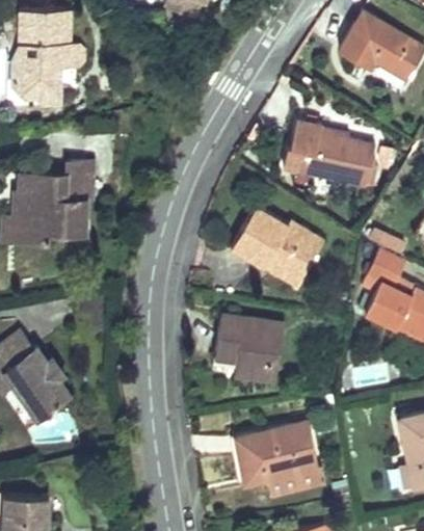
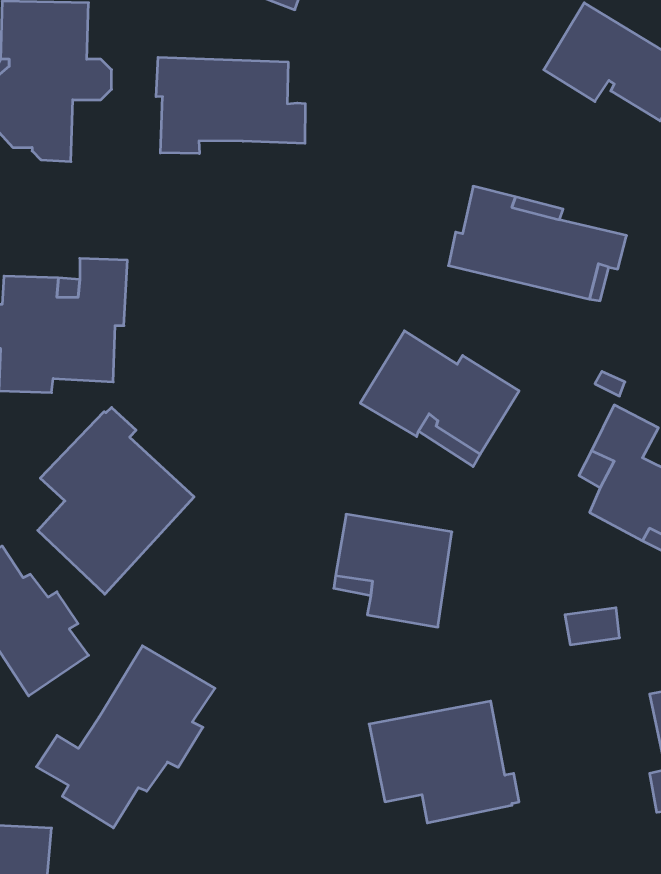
building: none -> [156,57,305,154]
building: none -> [38,407,194,594]
building: none -> [36,646,215,828]

